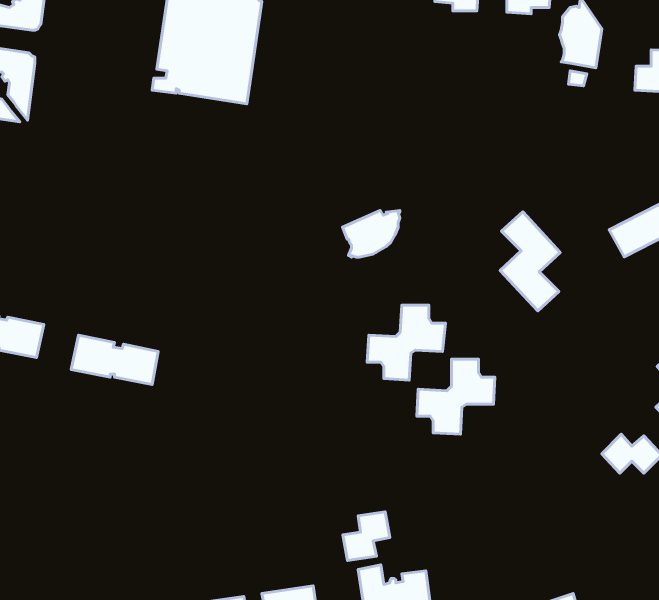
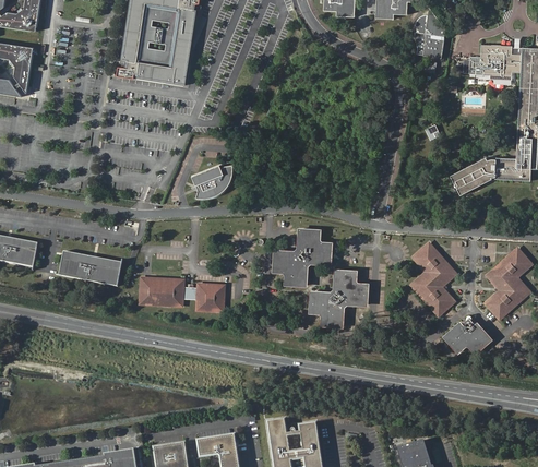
building: [343,211,400,257] -> [190,164,231,197]
building: [500,212,560,311] -> [411,242,455,314]
building: none -> [141,278,223,311]
building: [343,512,390,560] -> none

